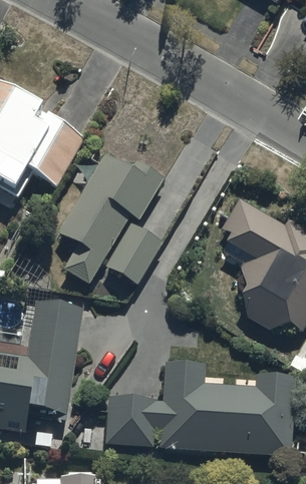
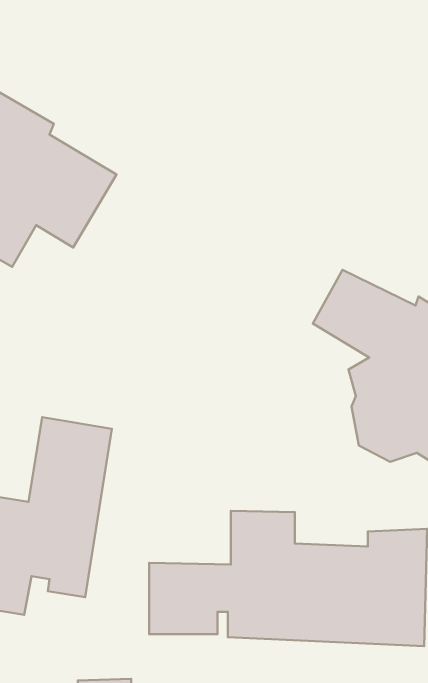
building: [60,151,164,284] -> none

